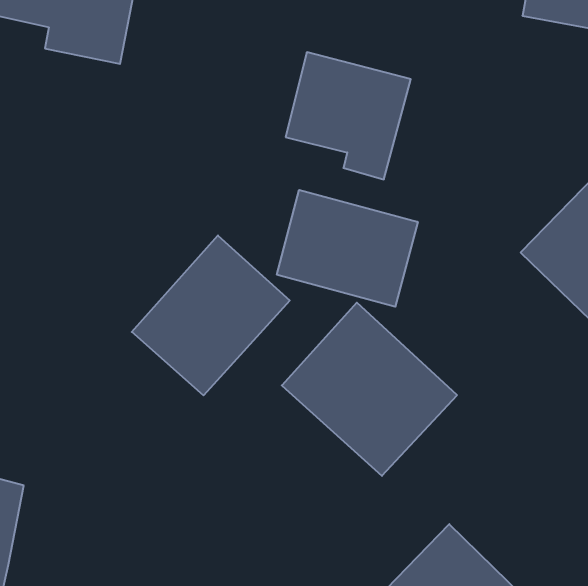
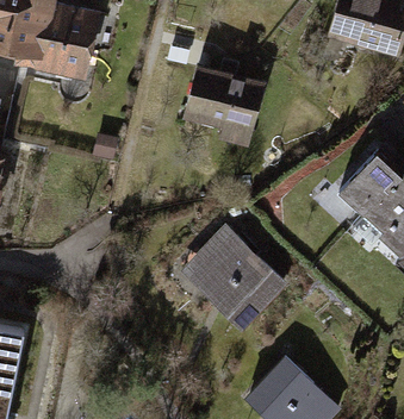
building: [277,190,418,307] -> none
building: [132,235,290,395] -> none

